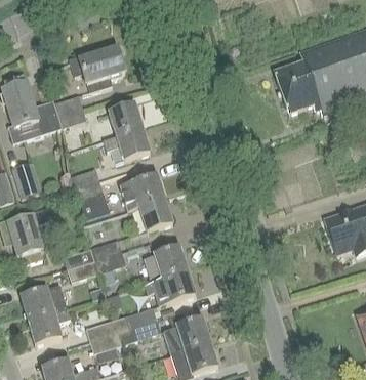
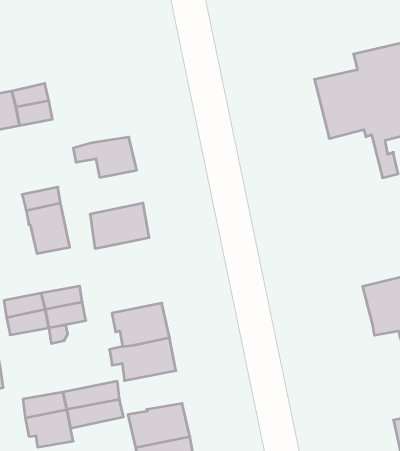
building: [69,46,125,92] -> none
building: [109,102,143,134] -> none
building: [139,199,172,230] -> none

